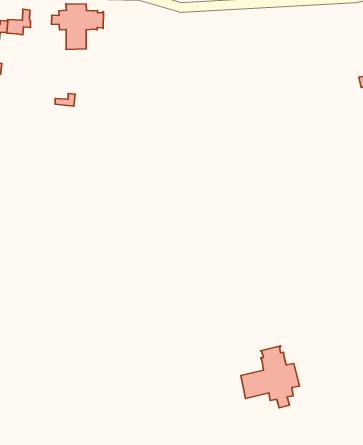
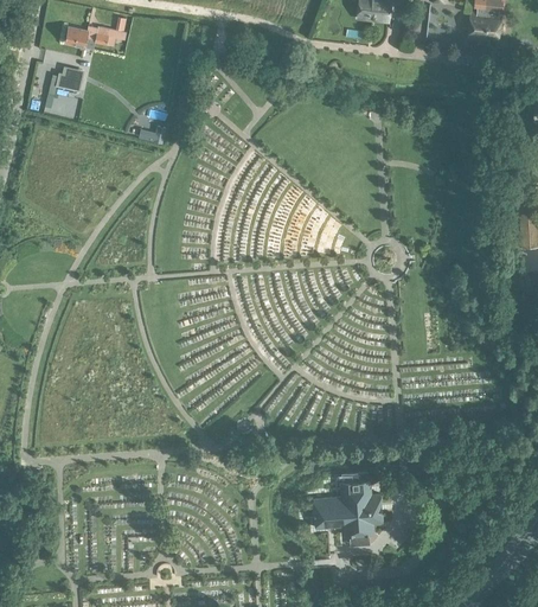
building: [52,4,103,49] -> none

